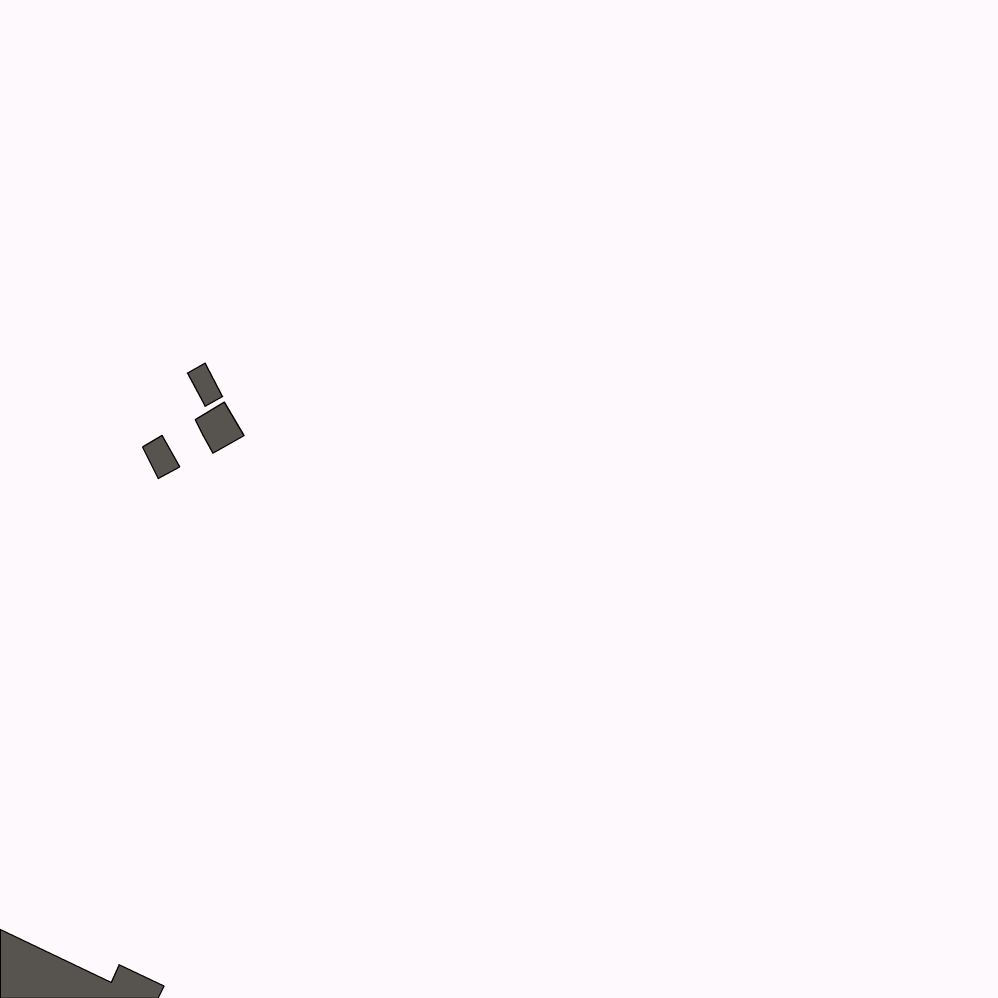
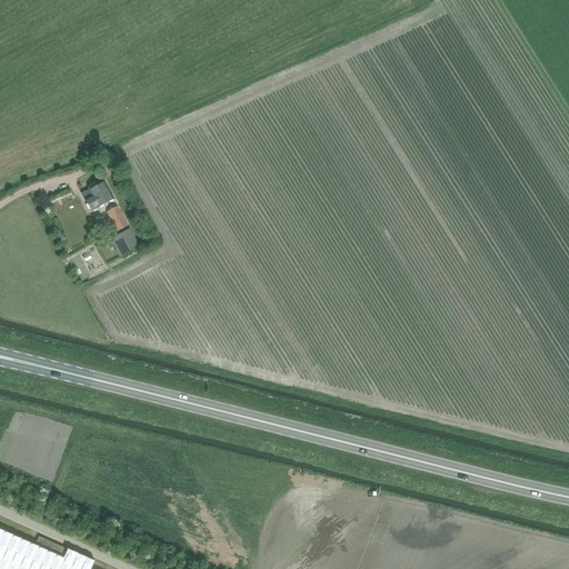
building: none -> [81,183,113,212]

